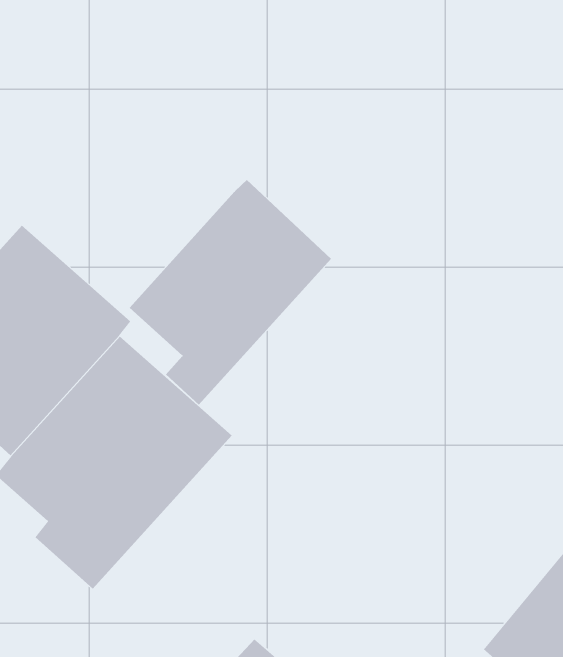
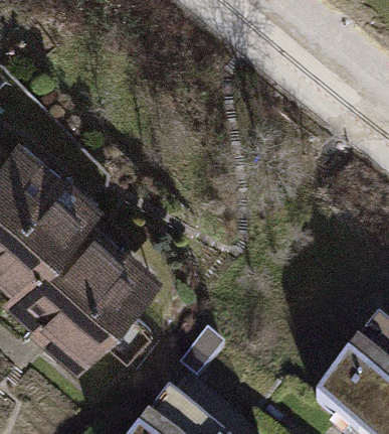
building: [129,179,332,406] -> none

